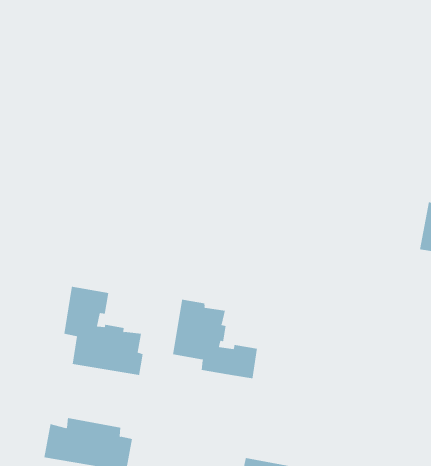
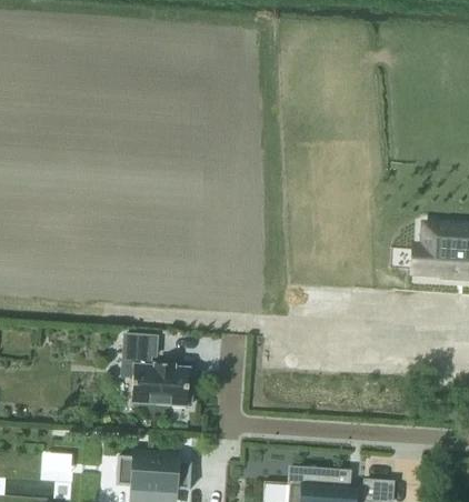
building: [172,299,257,379] -> none

